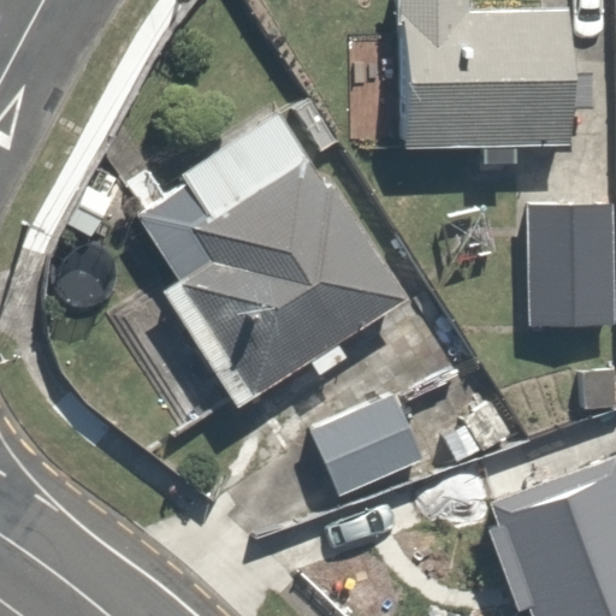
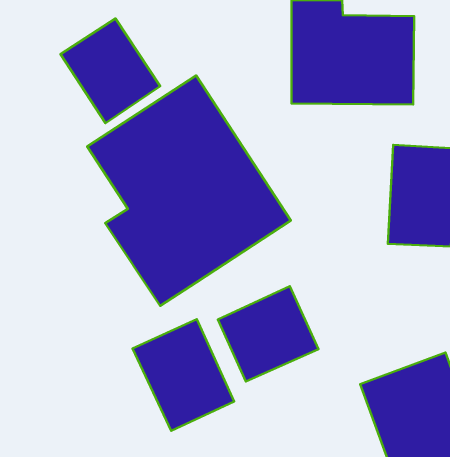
building: none -> [60,18,160,123]
building: none -> [132,319,234,431]

